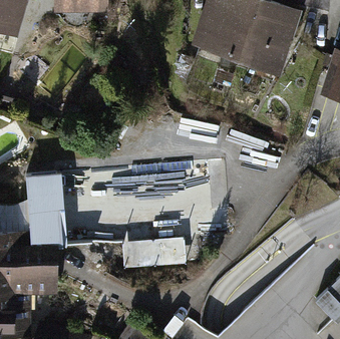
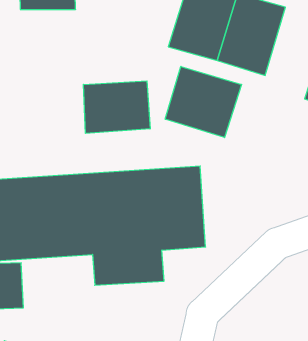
building: none -> [165,66,242,138]
building: none -> [83,81,150,133]

